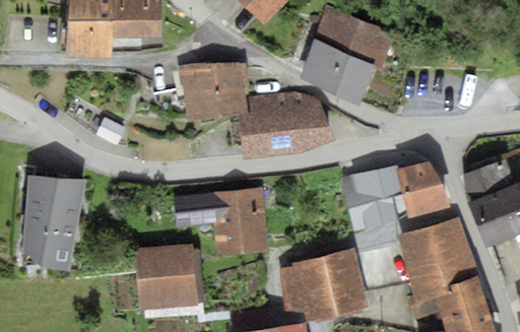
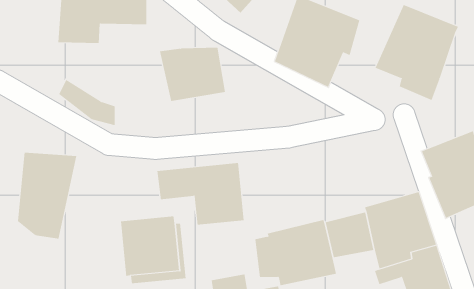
building: none -> [375,4,459,101]
building: [239,92,336,159] -> none
building: [340,161,450,230] -> none

